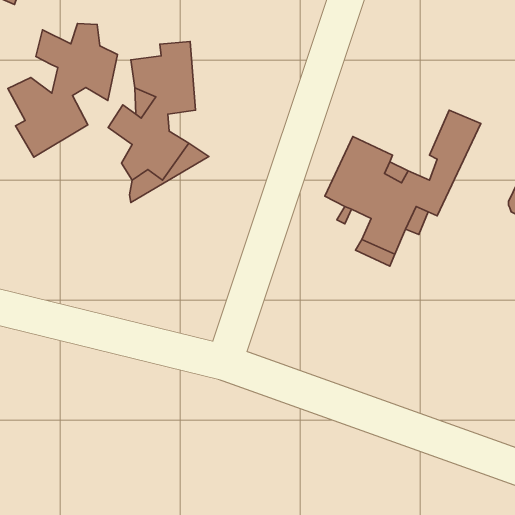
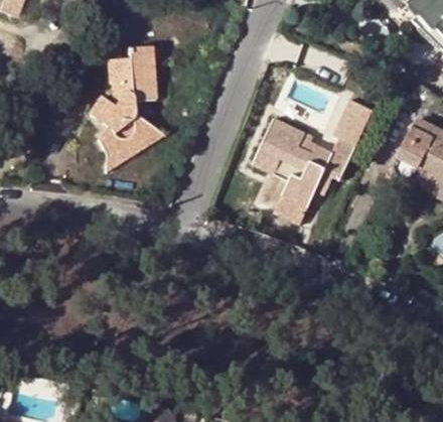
building: [8,24,117,157] -> none

